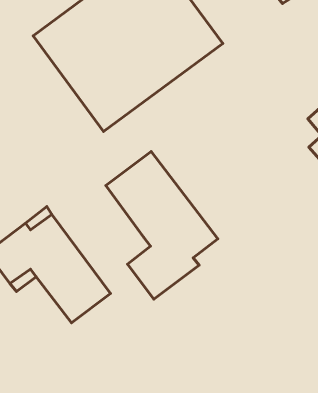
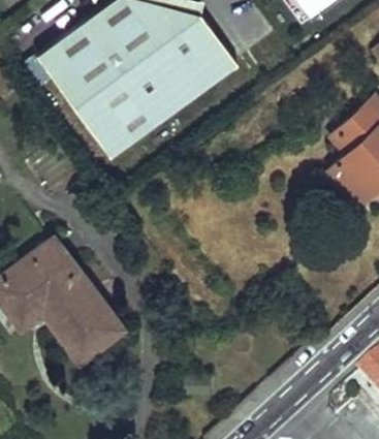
building: [106,151,218,299] -> none

